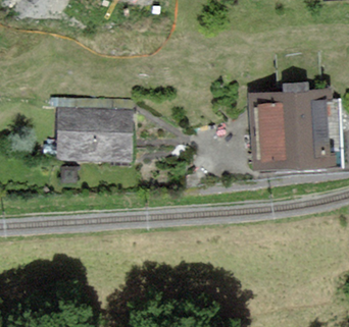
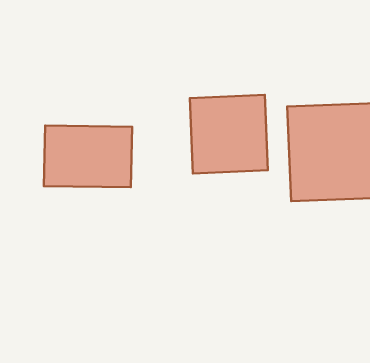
building: none -> [190,95,268,173]

